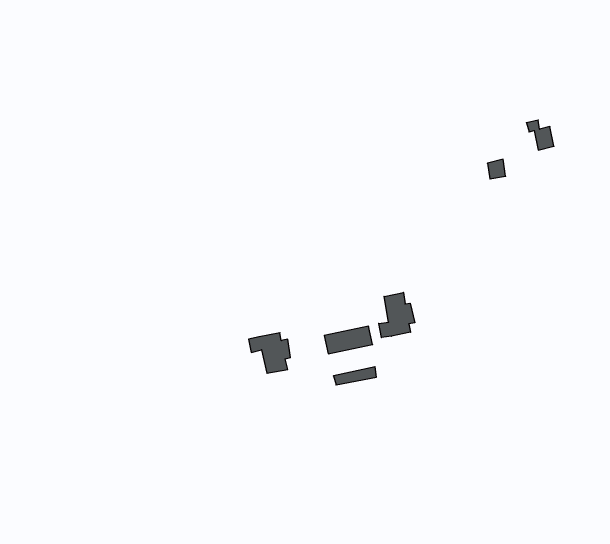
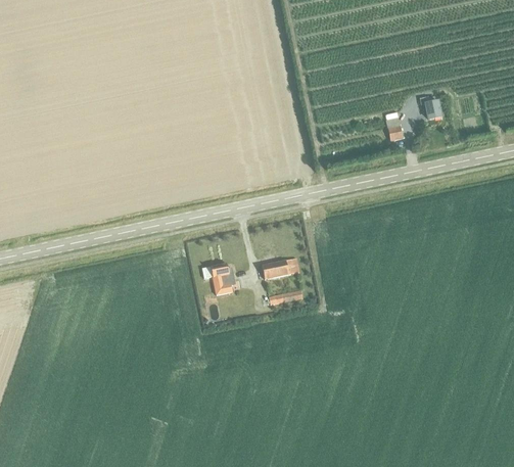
building: [379,292,415,338] -> none

